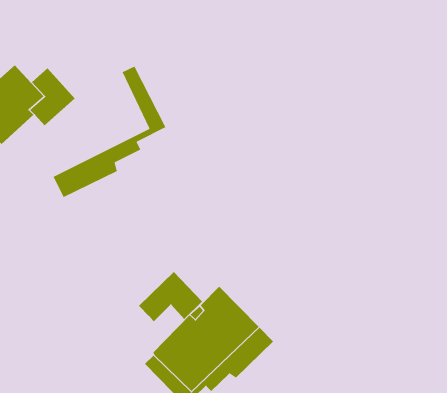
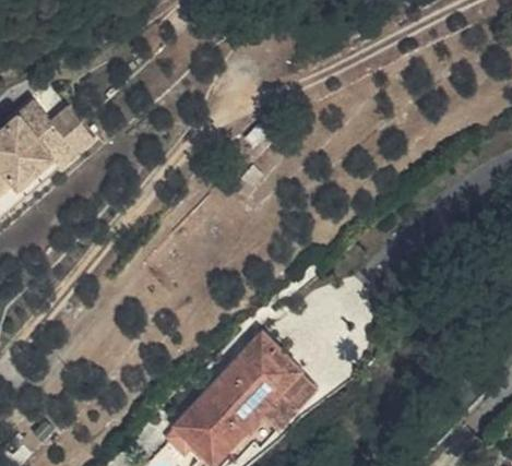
building: [53,65,167,198] -> none
building: [138,271,203,323] -> none

